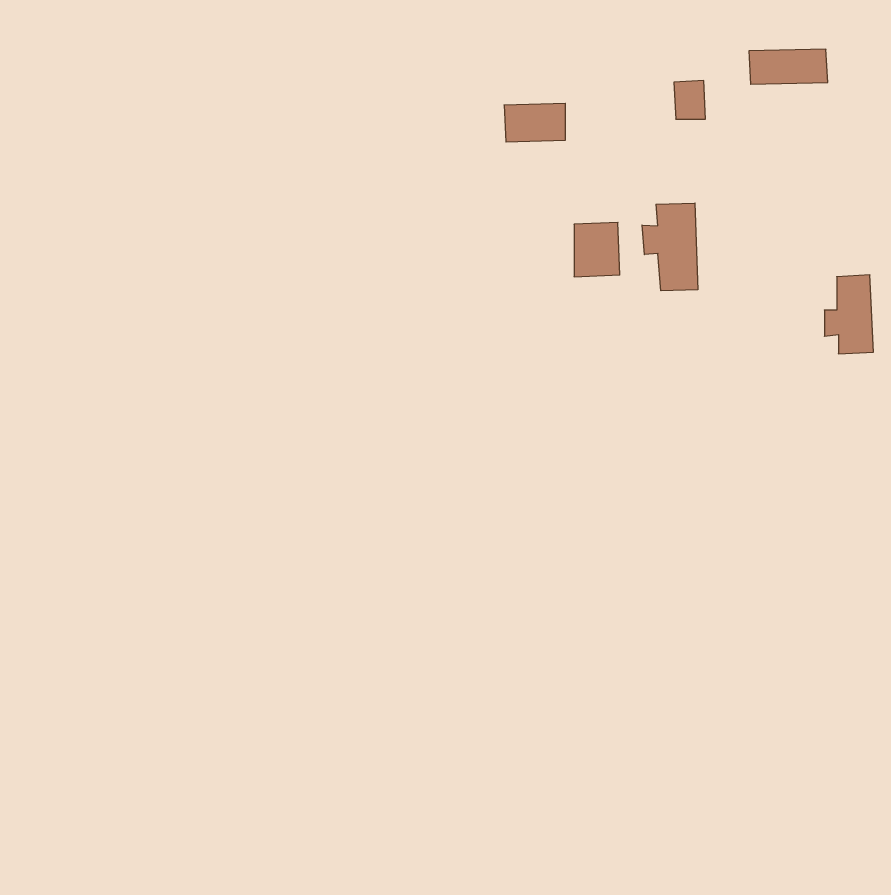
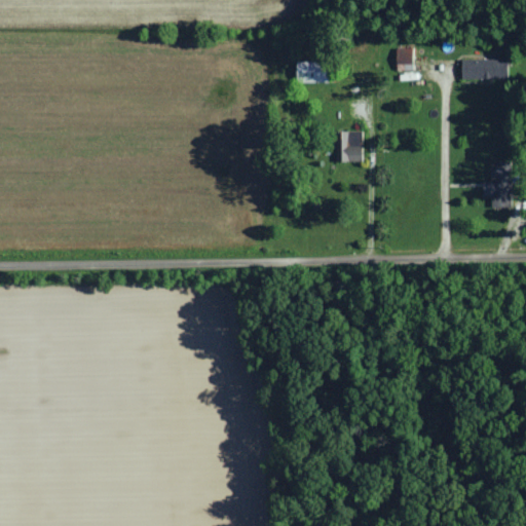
building: [749,49,828,84] -> [461,59,508,79]
building: [642,203,698,291] -> none

